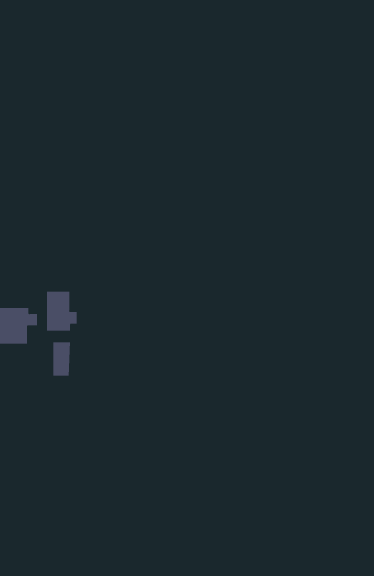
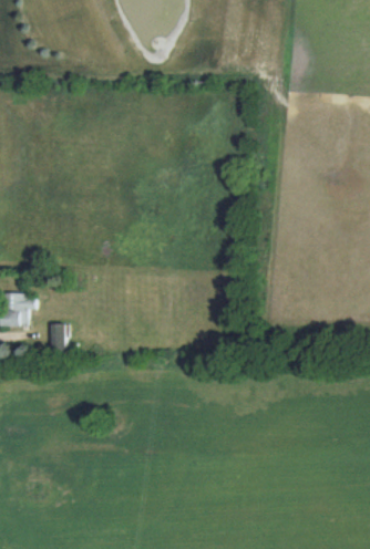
building: [46,291,77,331] -> none

